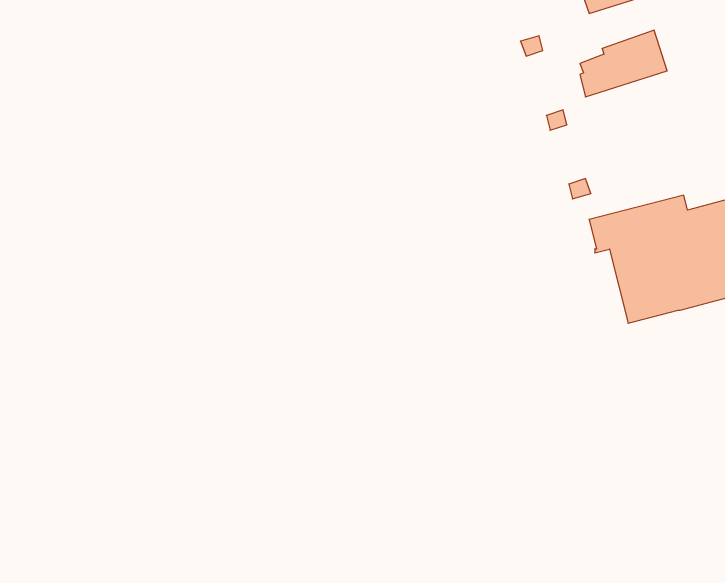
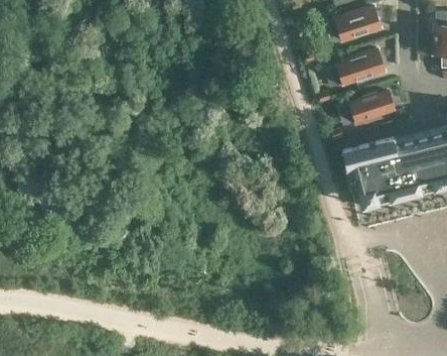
building: none -> [346,91,394,122]

